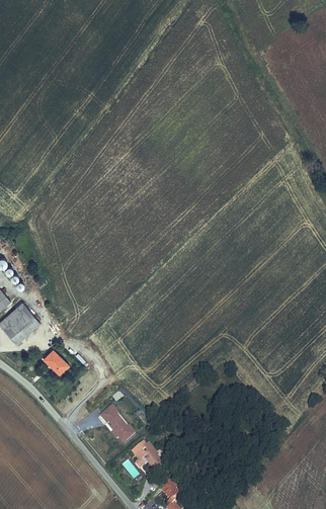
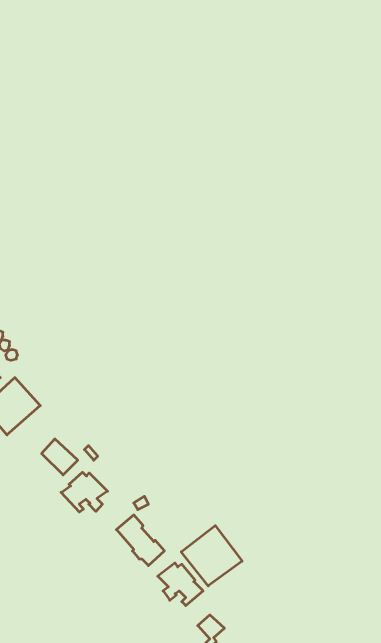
building: none -> [61,472,108,512]
building: none -> [181,526,242,586]

